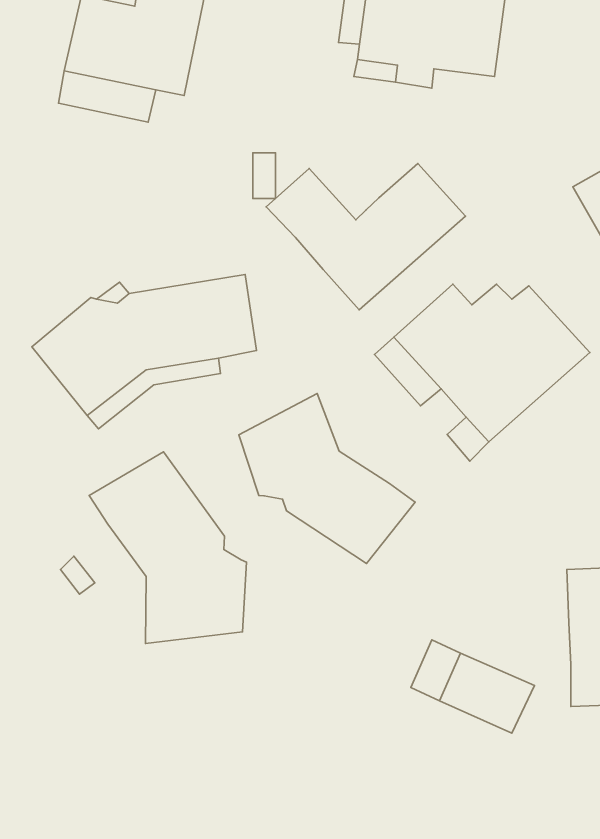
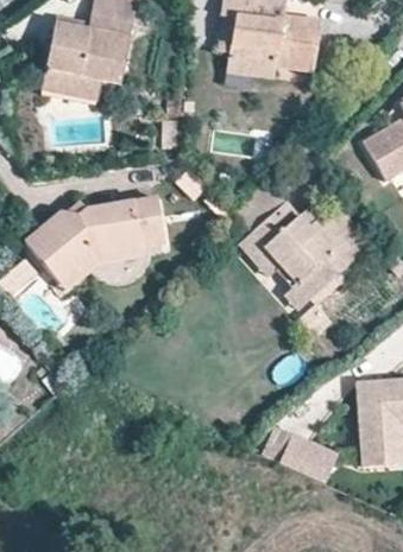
building: [266,163,466,310] -> none
building: [239,393,415,564] -> none
building: [89,452,246,643] -> none

